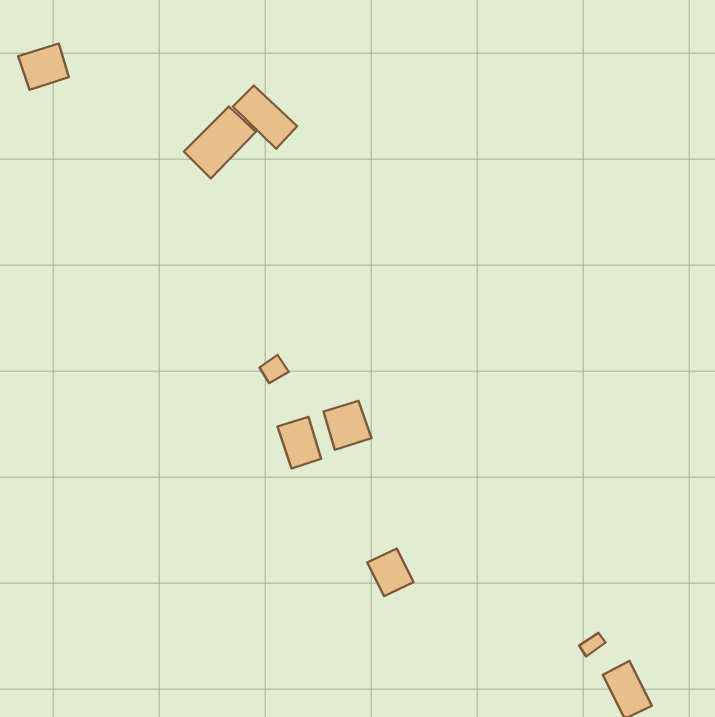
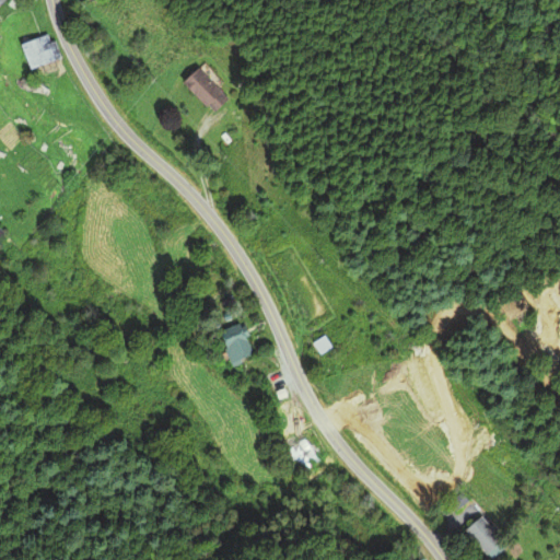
building: [184,107,256,178] -> none
building: [324,401,371,450] -> none

